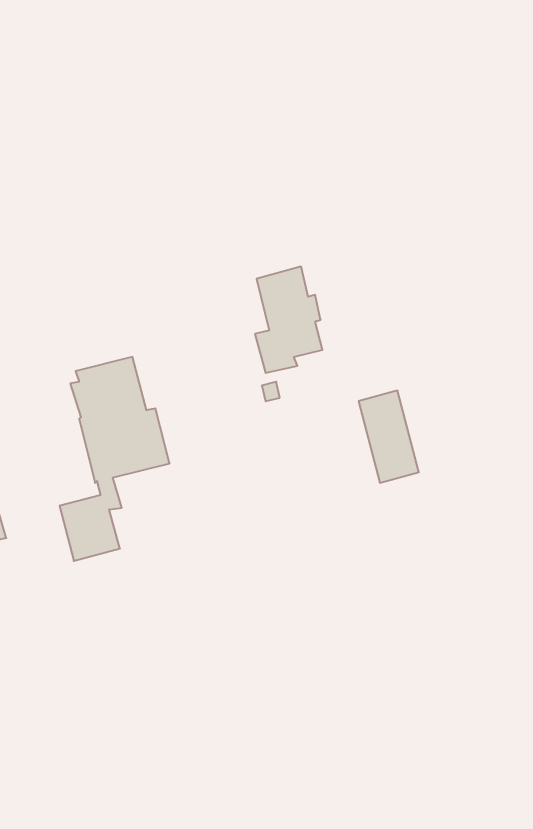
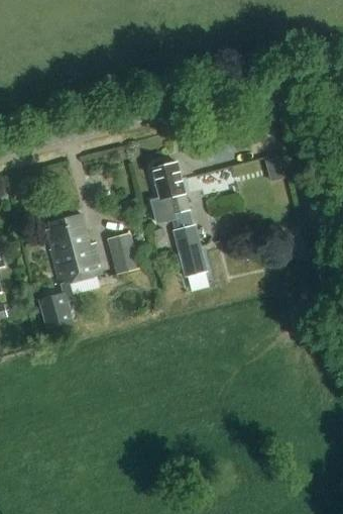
building: [359,391,419,483] -> [173,223,207,276]
building: none -> [107,232,140,274]

